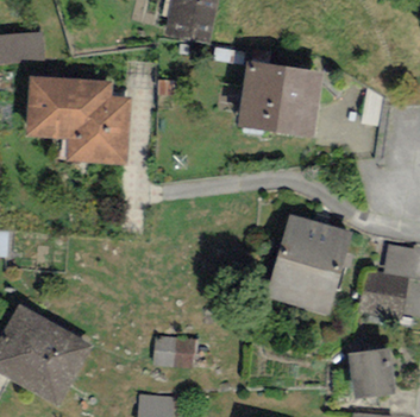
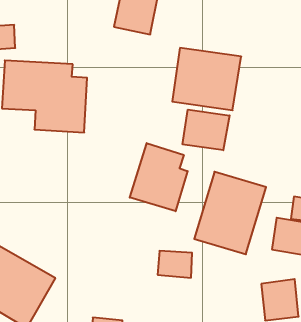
building: none -> [183,110,230,150]
building: none -> [130,143,188,211]
building: [152,336,195,369] -> [158,251,192,278]

